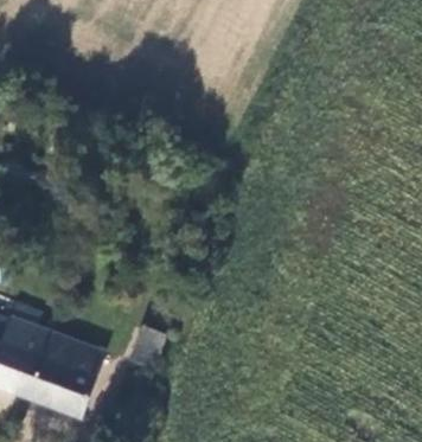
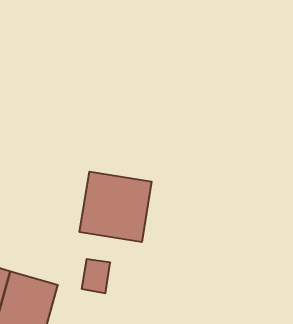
building: none -> [80,172,152,242]

